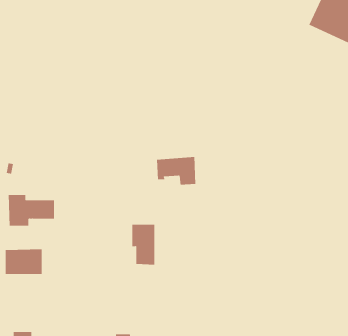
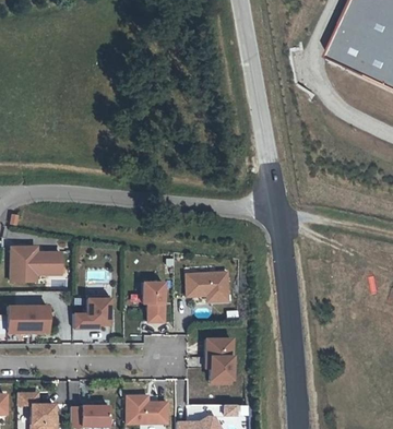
building: [156,156,196,185] -> [186,271,228,301]
building: none -> [74,295,112,327]
building: none -> [205,338,231,379]

